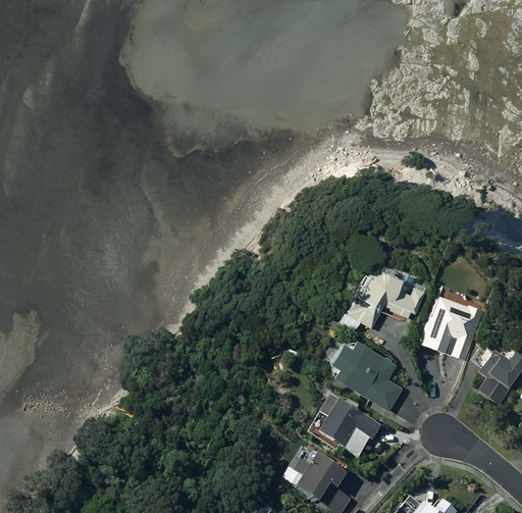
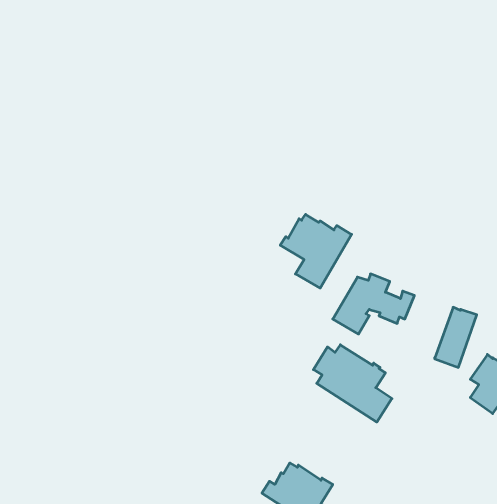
building: none -> [280,214,352,288]
building: [420,294,461,350] -> none
building: [316,395,381,458] -> none

